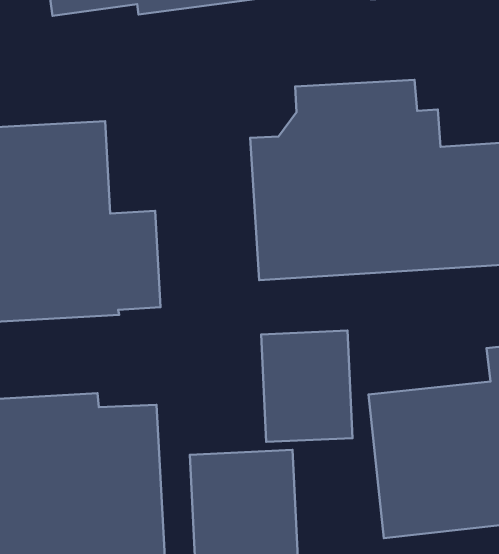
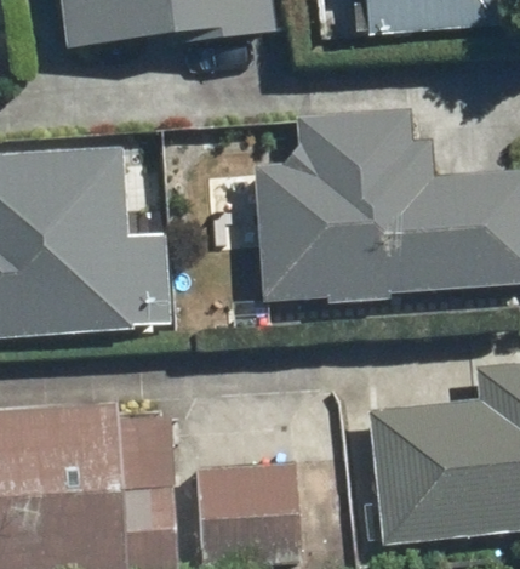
building: [261,331,353,442] -> none

